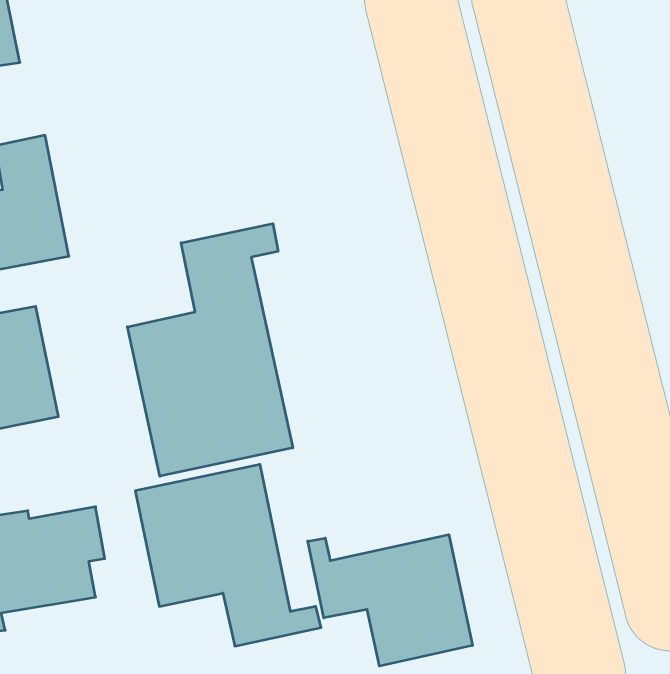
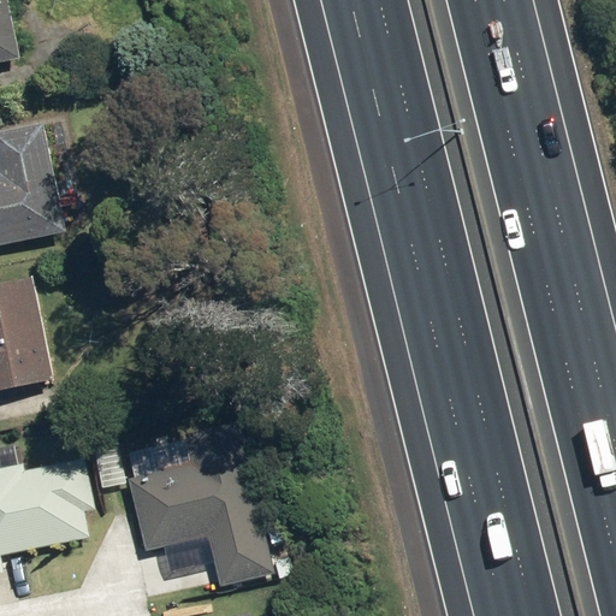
building: [127,224,293,476] -> none
building: [308,535,472,666] -> none

